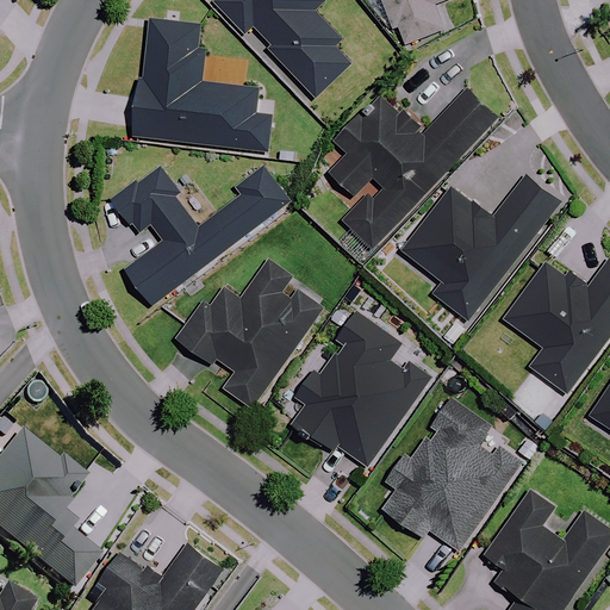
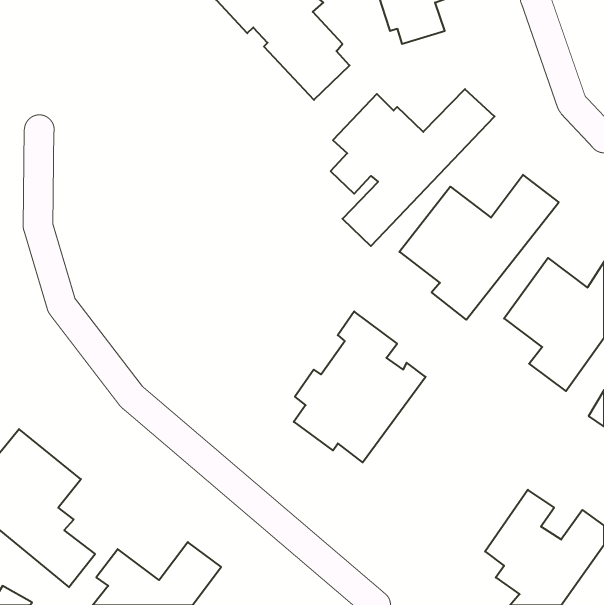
building: [133,19,272,152] -> none
building: [112,167,291,305] -> none
building: [180,262,324,407] -> none
building: [384,398,522,550] -> none

